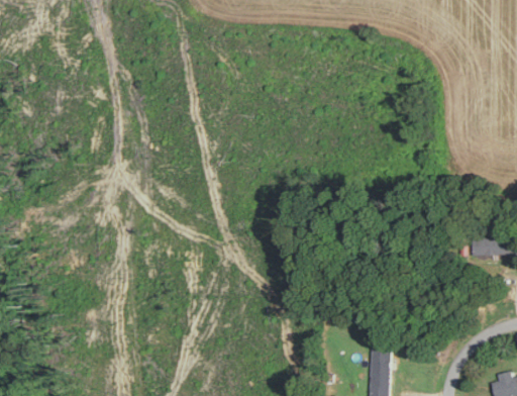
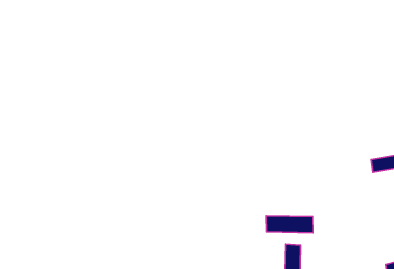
building: none -> [266,216,313,233]

